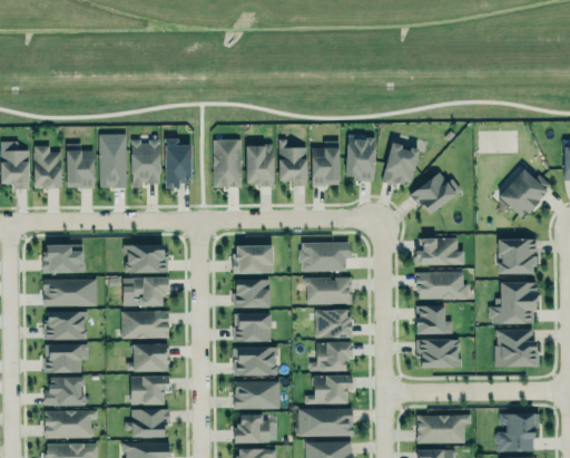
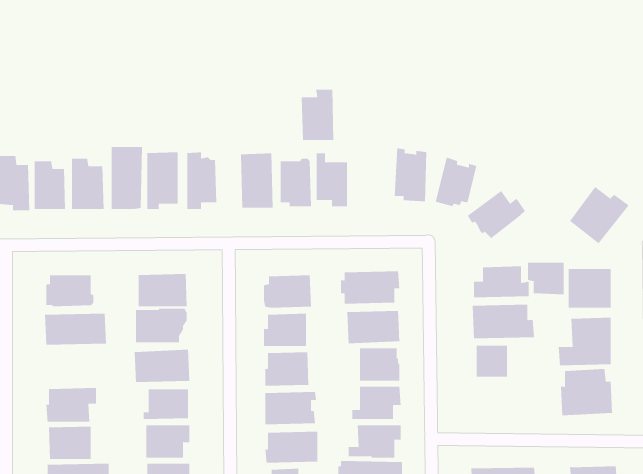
building: [311,142,340,186] -> [301,89,334,140]
building: none -> [527,262,564,295]
building: [45,311,87,340] -> none
building: [414,335,461,367] -> none

